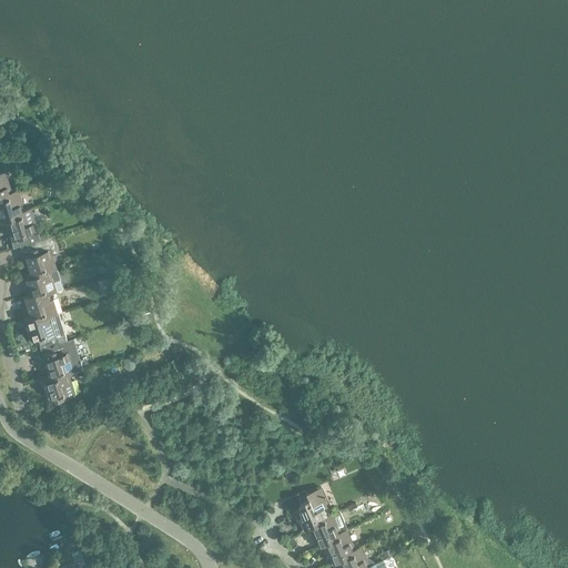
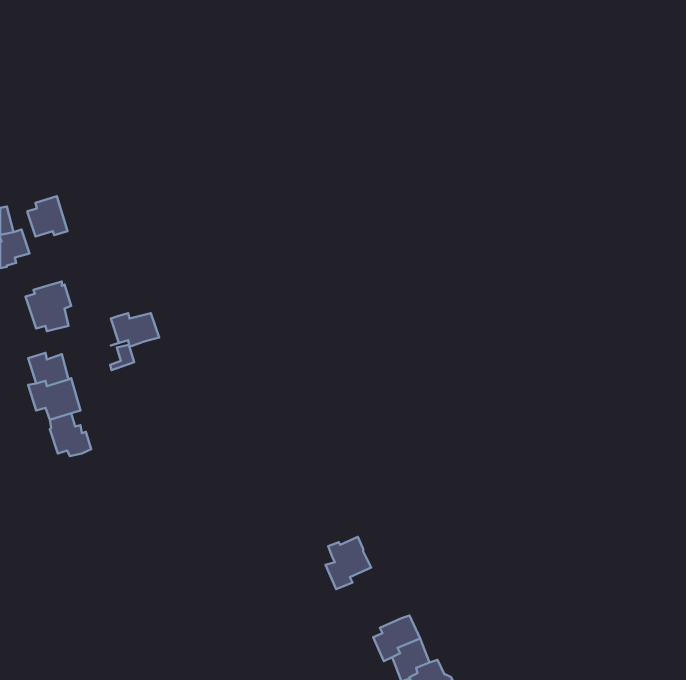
building: [6,212,39,245] -> [27,196,68,237]
building: [23,274,63,302] -> [111,313,159,347]
building: [41,377,75,405] -> none
building: [294,490,332,534] -> [326,537,371,589]

